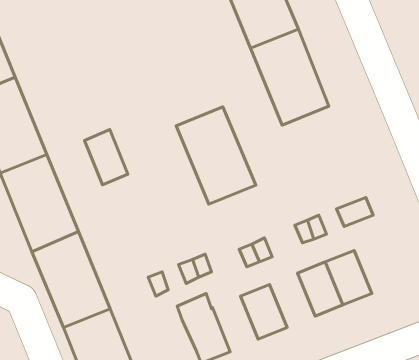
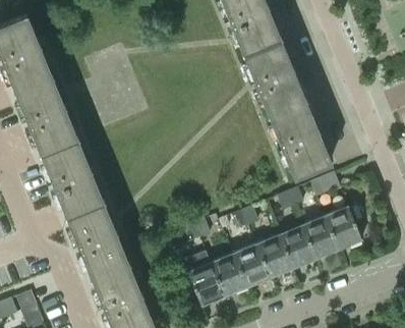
building: [176,107,256,204] -> [267,99,331,177]
building: [84,130,128,185] -> none
building: none -> [325,205,361,250]
building: none -> [256,233,293,277]
building: none -> [211,252,247,296]

